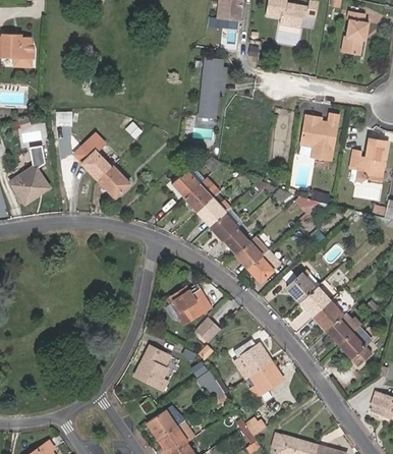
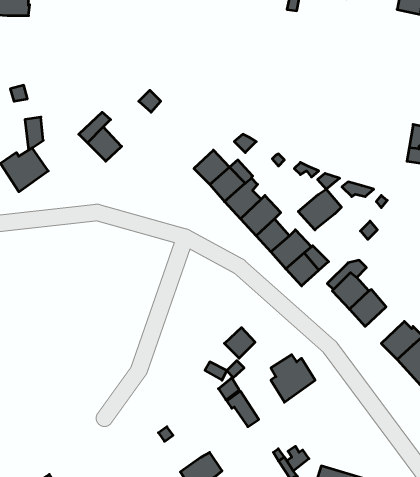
building: [198,59,224,118] -> none
building: [301,112,337,158] -> none
building: [97,165,129,197] -> none
building: none -> [298,189,341,230]
building: [168,287,208,324] -> none
building: [313,300,343,331] -> none
building: [134,345,170,390] -> none
building: [249,361,283,396] -> none
building: [147,405,185,438] -> none

